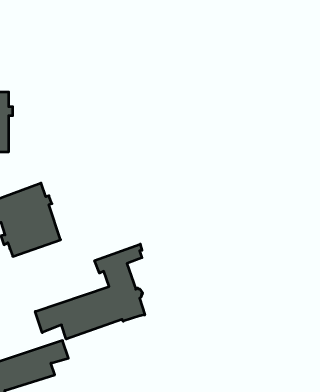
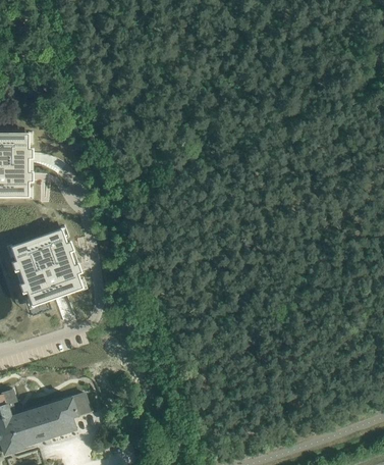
building: [35,244,145,339] -> none

